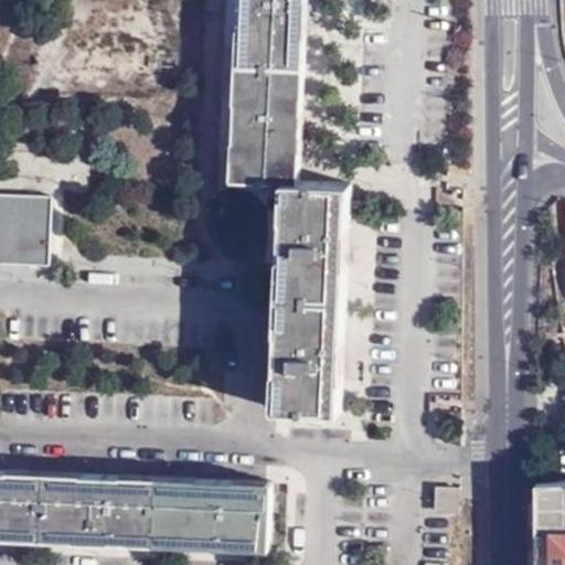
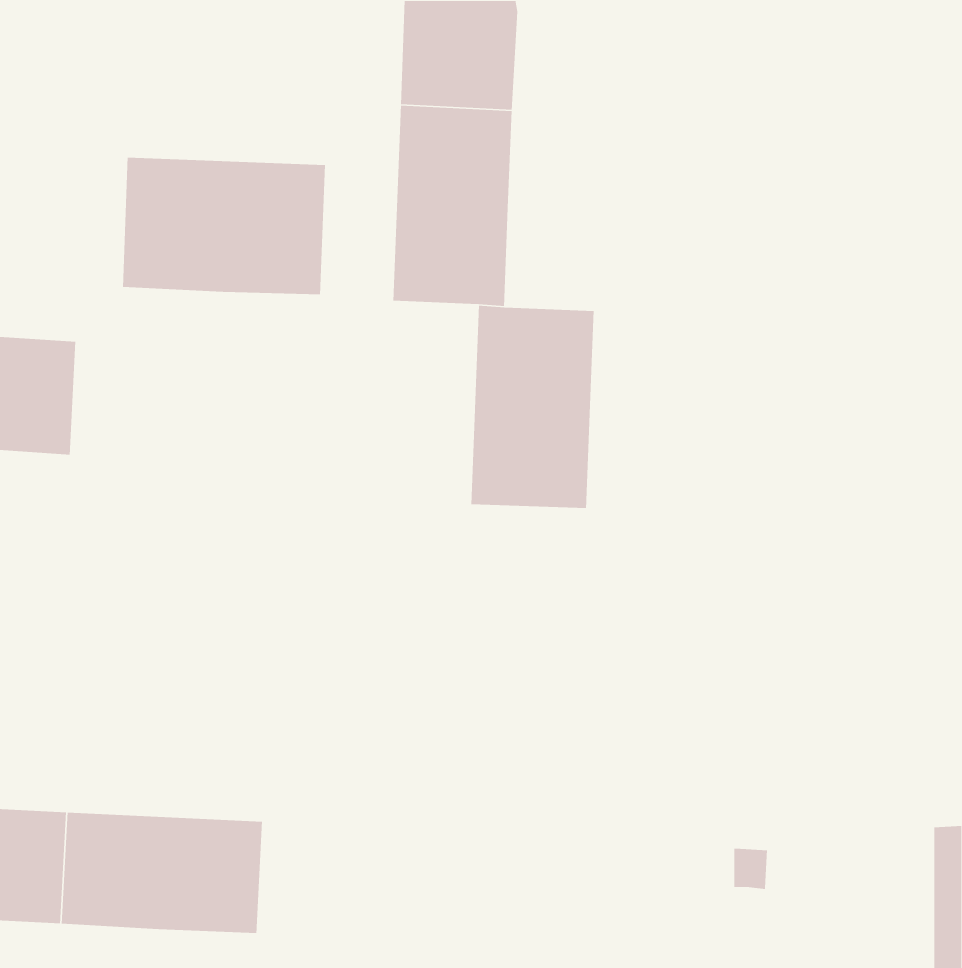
building: none -> [122,157,326,295]
building: [266,296,340,415] -> none
building: [149,479,265,548] -> none

